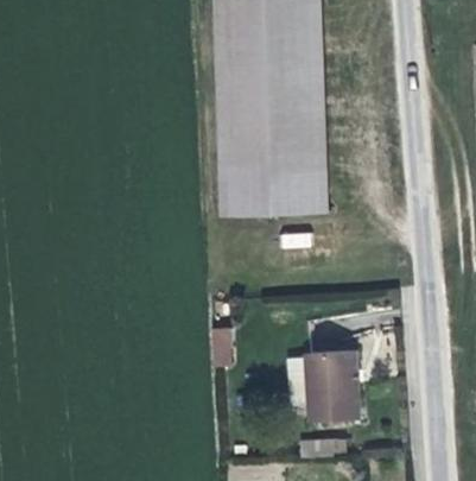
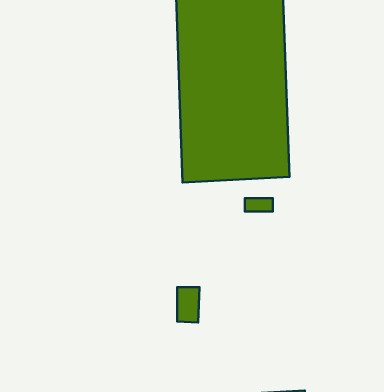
building: [307,352,363,423] -> none

